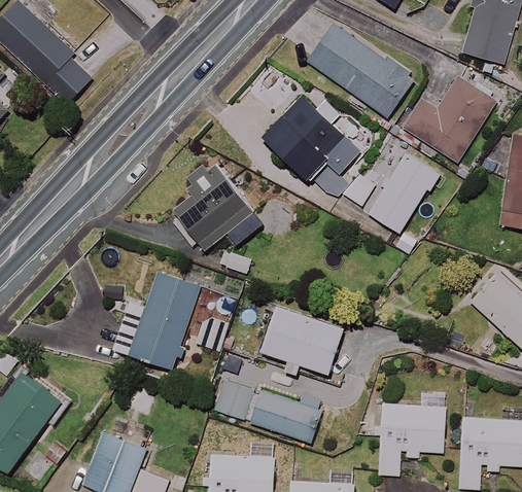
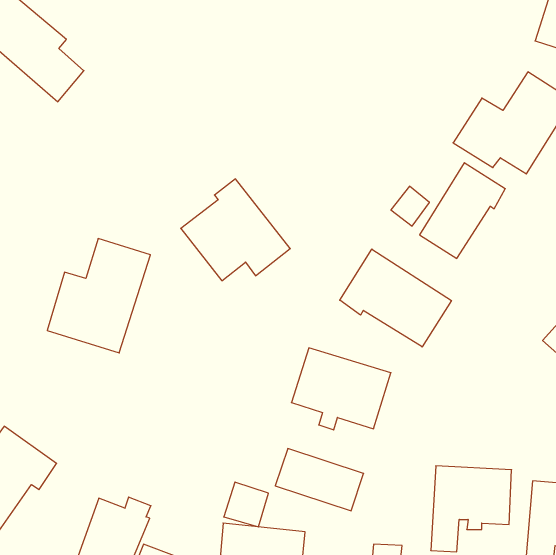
building: [308,26,413,117] -> none
building: [262,95,353,192] -> none
building: none -> [340,249,451,347]
building: [114,273,200,367] -> [47,239,150,353]
building: [215,381,252,418] -> [224,482,268,527]

